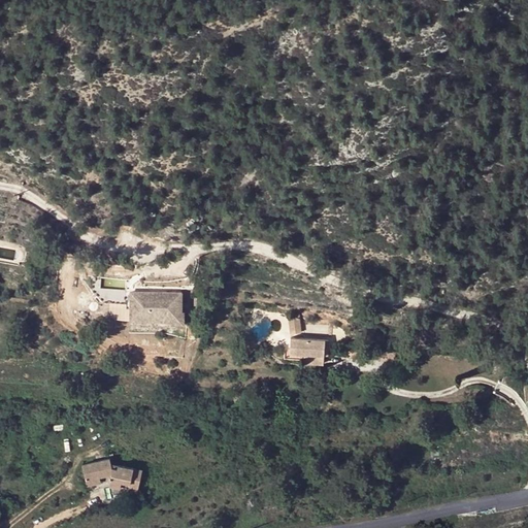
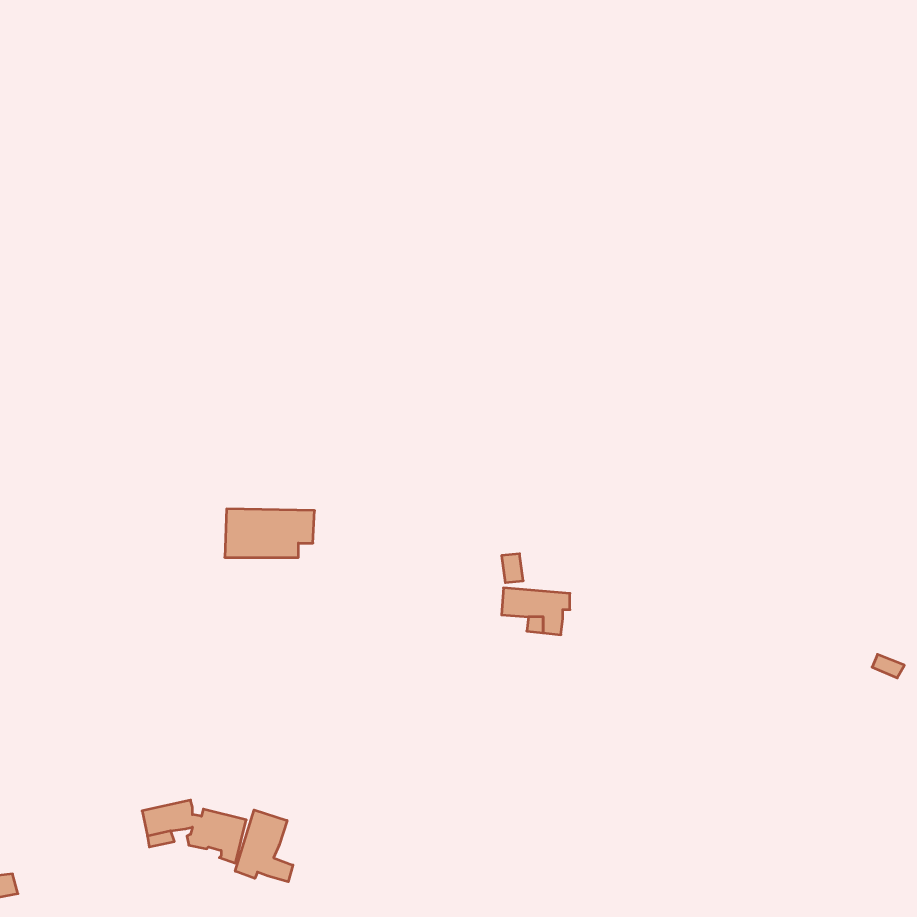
building: none -> [235,810,293,882]

